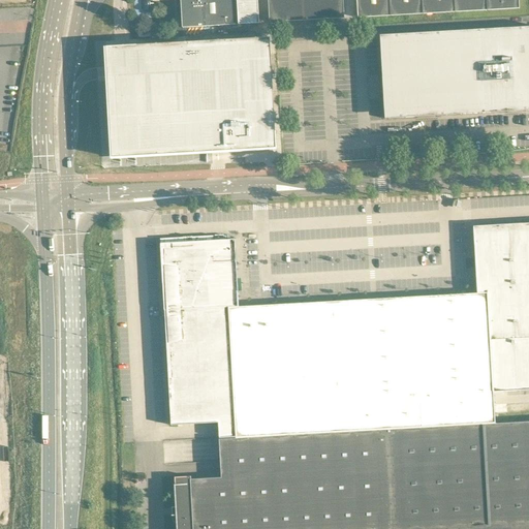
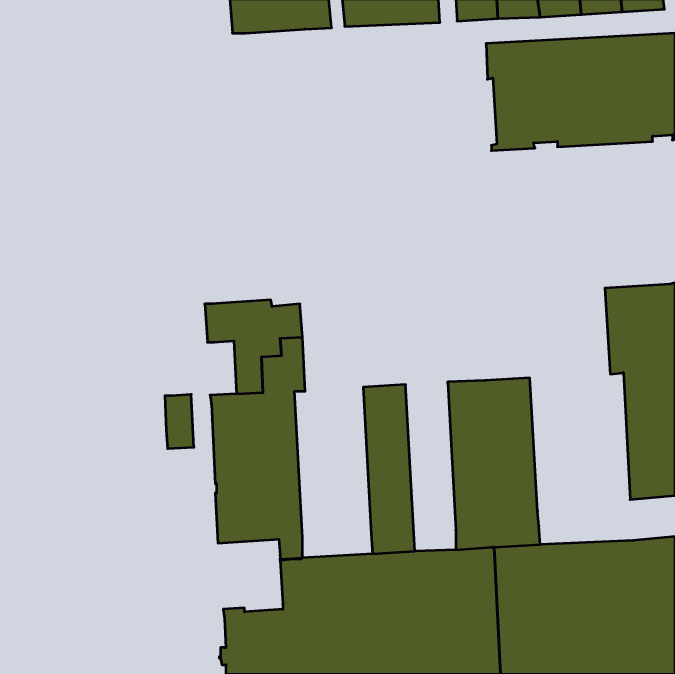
building: [106,36,276,156] -> none
building: [162,267,185,309] -> [165,394,194,449]
building: [414,291,495,426] -> none
building: [317,299,356,431] -> none
building: [230,303,291,436] -> none

